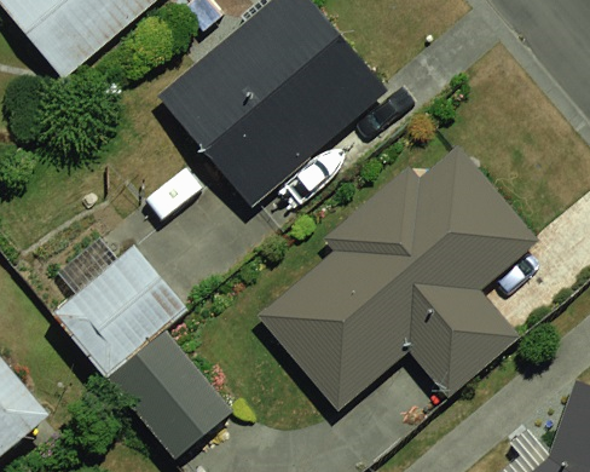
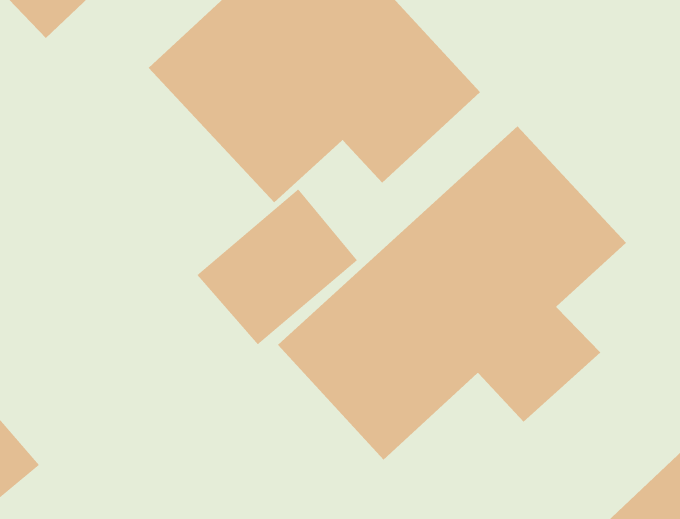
building: [54,242,183,367] -> [197,189,358,345]
building: [112,335,232,455] -> none

